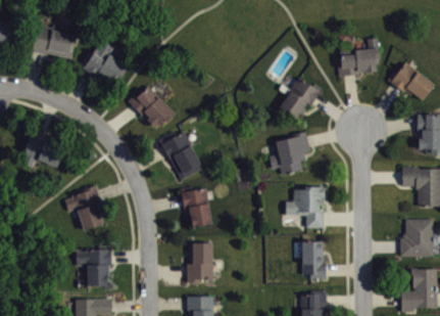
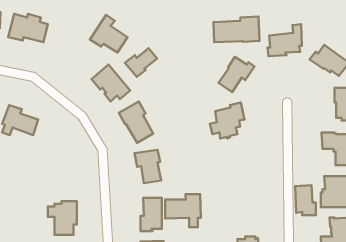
building: none -> [213,17,260,42]
building: [83,43,128,88] -> [90,15,128,52]
building: none -> [125,48,157,77]
building: [286,186,326,227] -> none
building: [64,187,103,233] -> none
building: none -> [165,194,201,227]
building: [302,241,327,277] -> [295,185,316,215]

